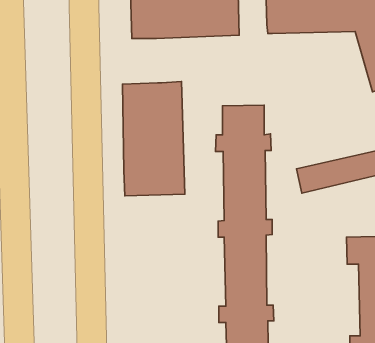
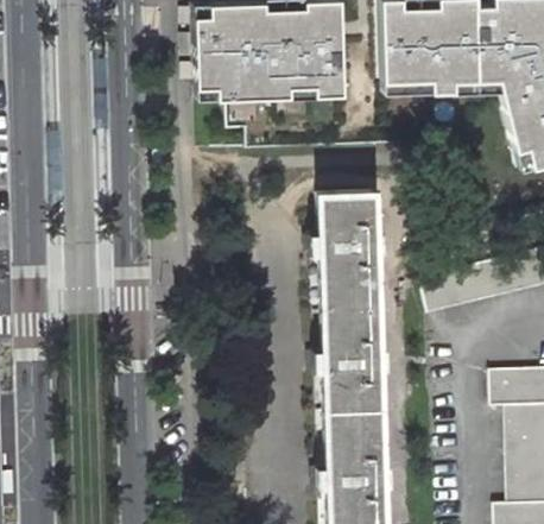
building: [123,82,185,196] -> none

